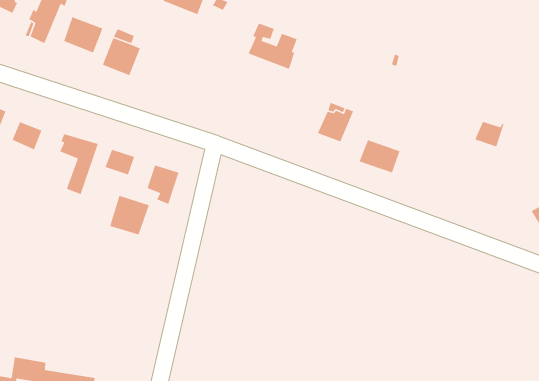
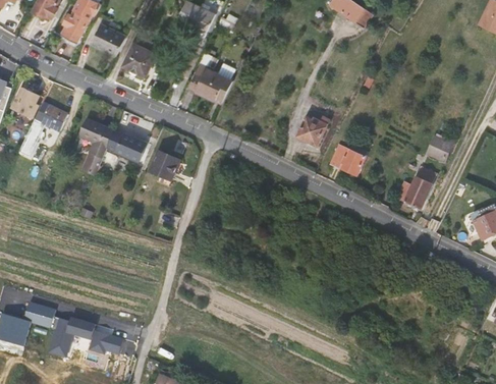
building: [248,22,298,70] -> [191,53,234,95]
building: none -> [399,168,436,210]
building: [109,195,150,236] -> none

